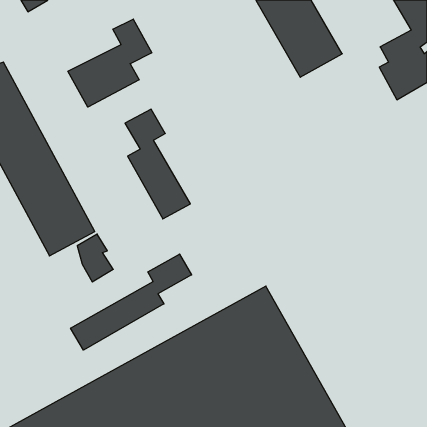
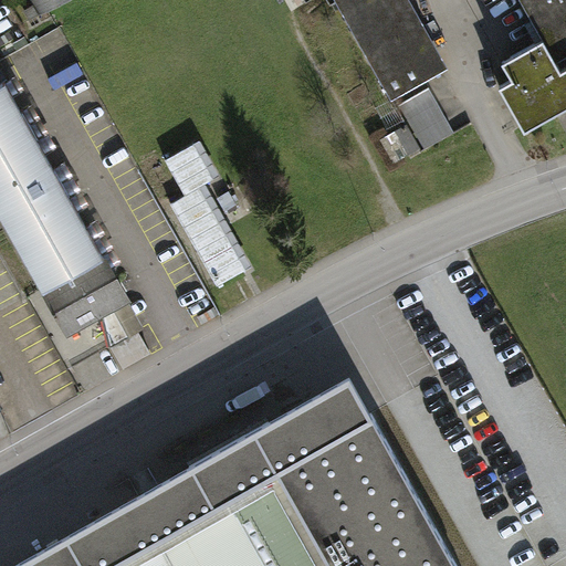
building: [68,19,152,107] -> none
building: none -> [401,85,457,146]
building: [71,254,192,350] -> none

